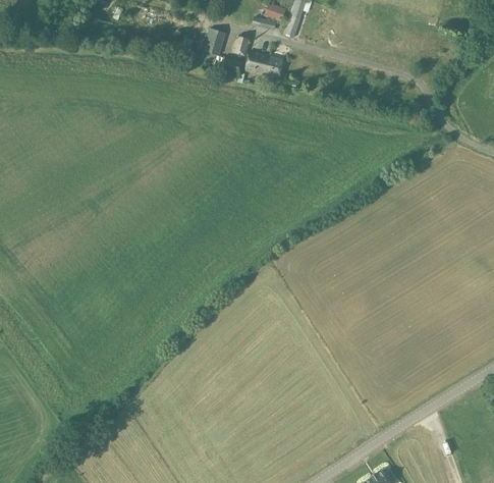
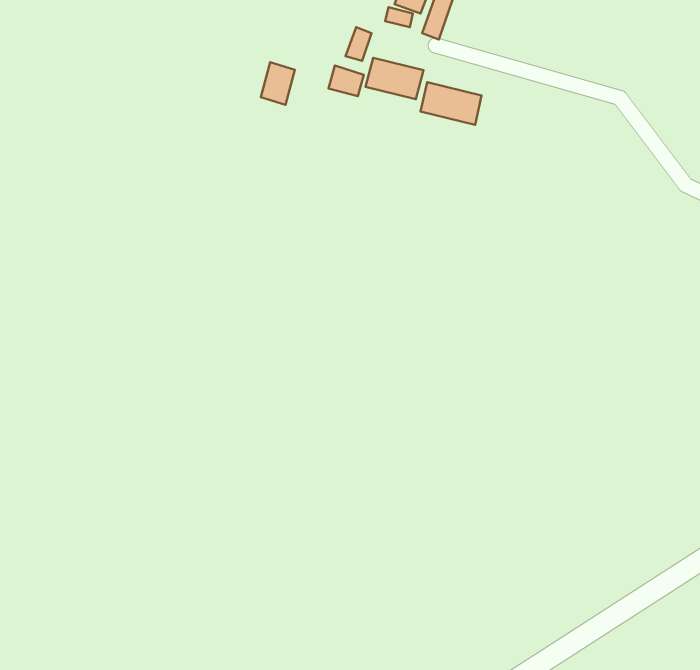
building: [204,28,226,56] -> [261,62,295,105]
building: none -> [421,82,482,125]

